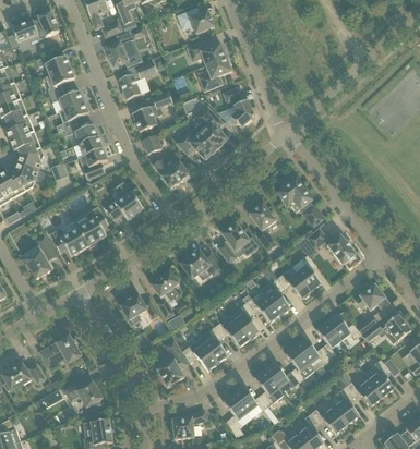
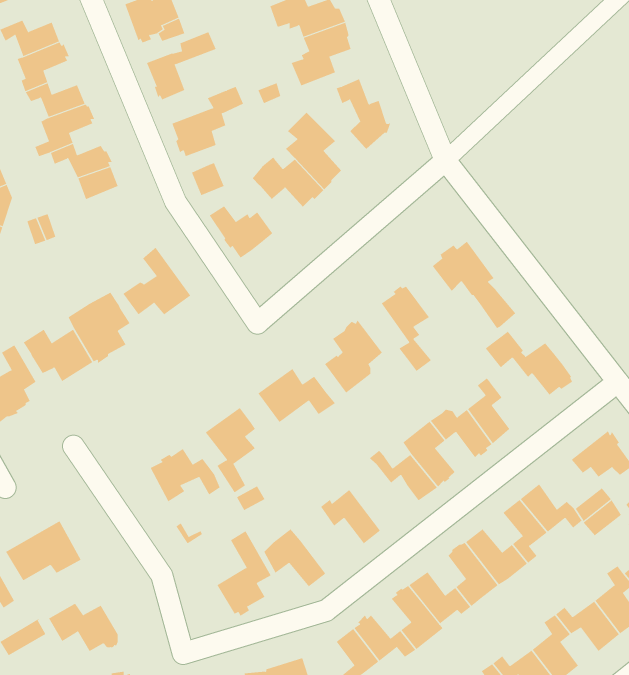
building: [79,147,107,179] -> none
building: [231,302,259,339] -> none
building: [199,326,228,363] -> none

